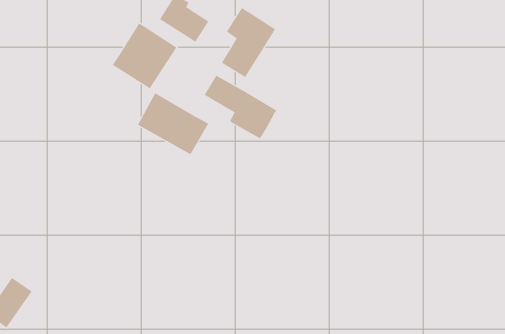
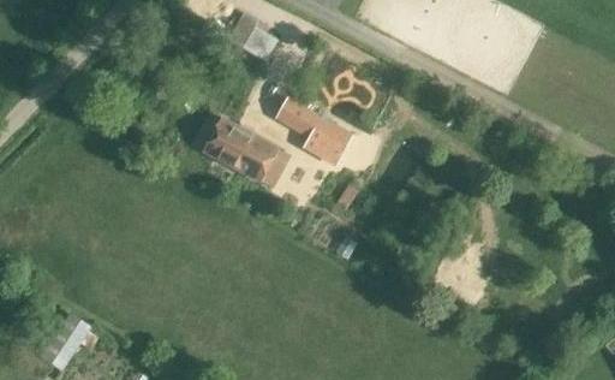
building: [221,7,276,78] -> none
building: [112,22,177,89] -> none

